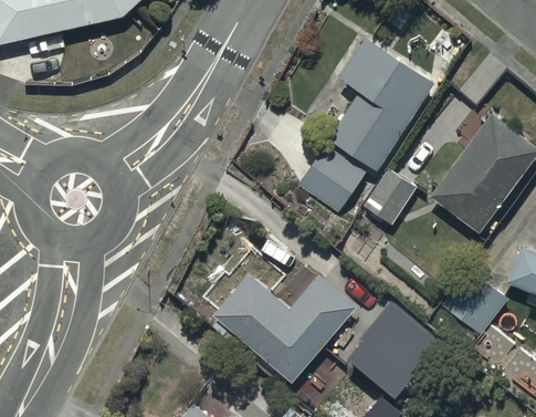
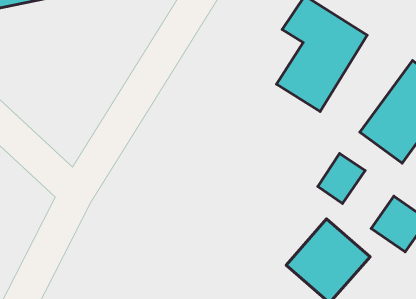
building: [297,145,366,213] -> none
building: [362,169,418,228] -> [318,154,365,204]
building: [216,272,355,376] -> none

